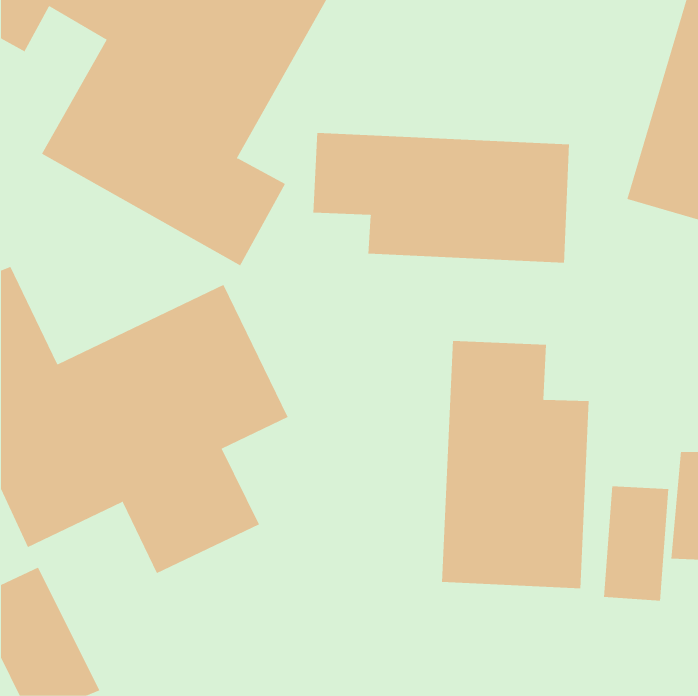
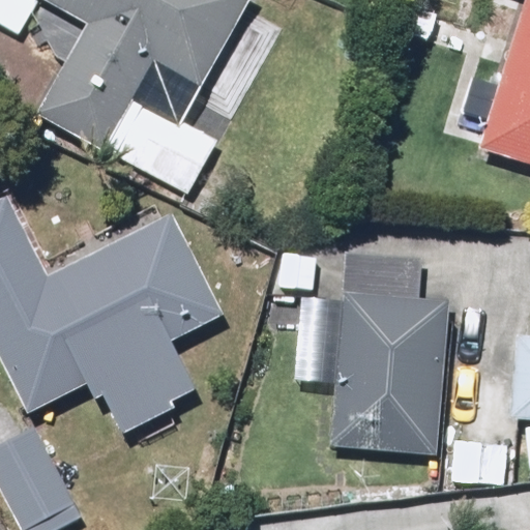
building: [313,132,569,263] -> none

